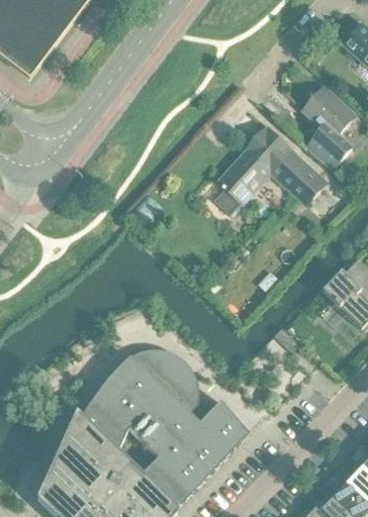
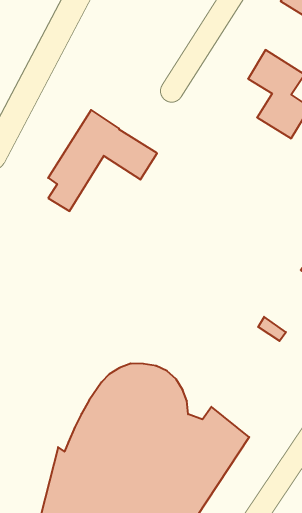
building: [214,127,319,215] -> [48,110,157,211]

